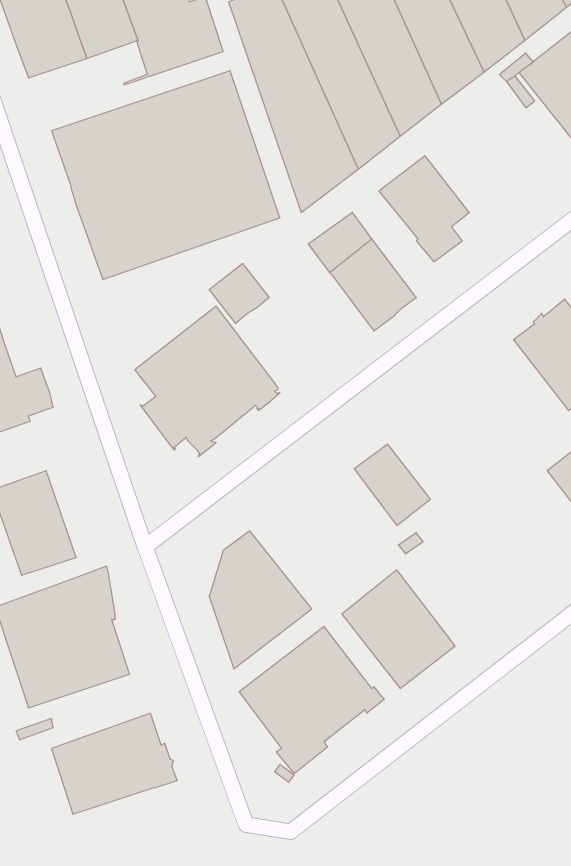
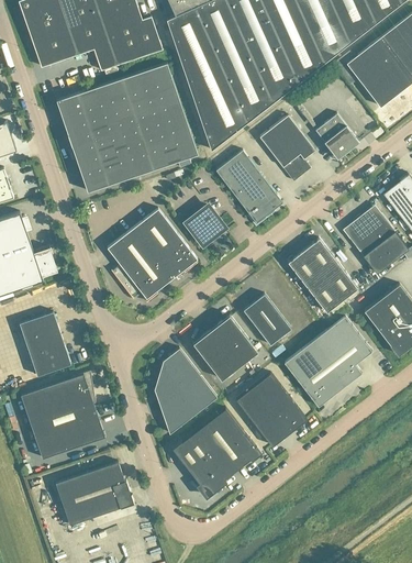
building: none -> [315,114,359,158]
building: [209,263,269,324] -> [187,207,224,244]
building: none -> [288,239,358,313]
building: none -> [193,316,258,380]
building: none -> [285,317,371,406]

